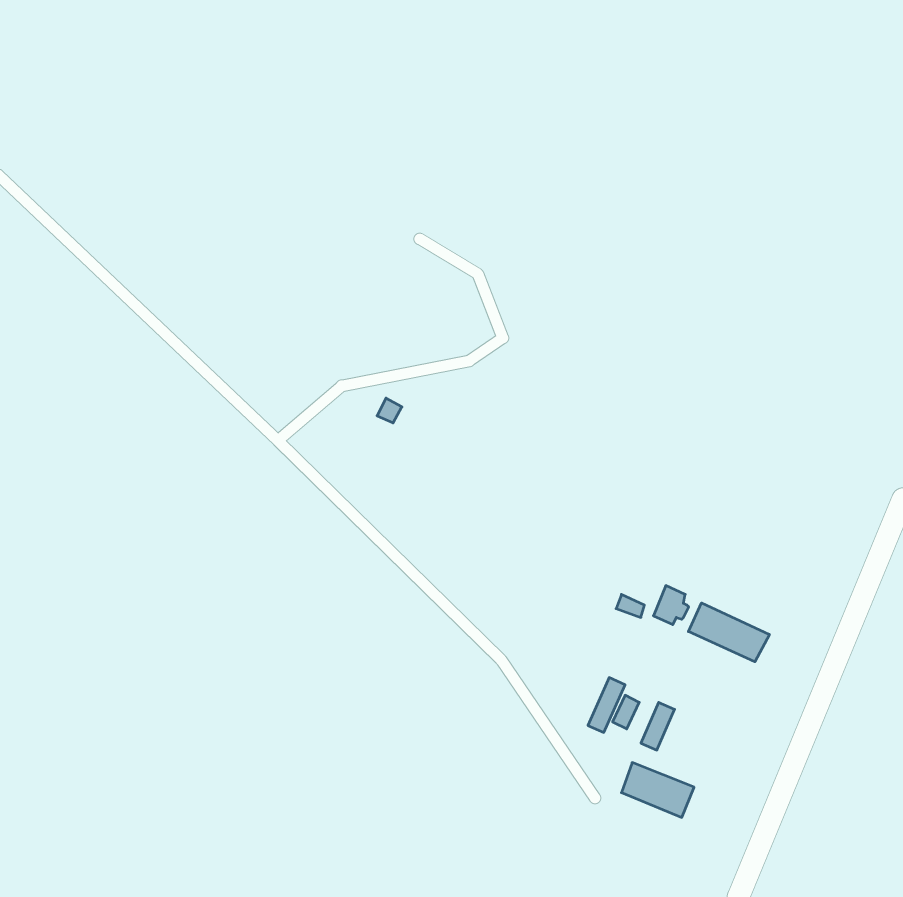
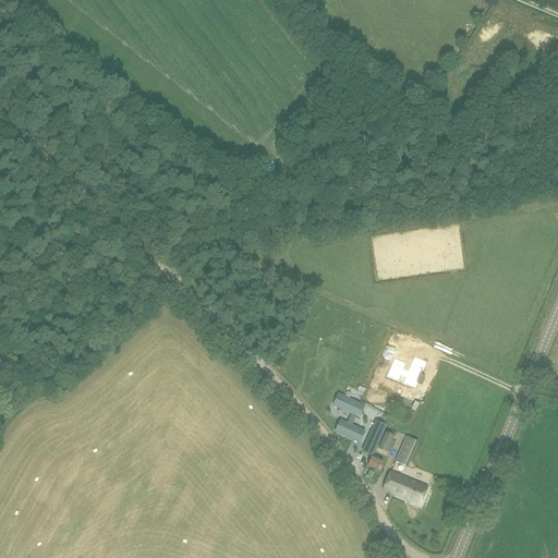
building: [688,603,769,662] -> none
building: none -> [335,392,364,439]

